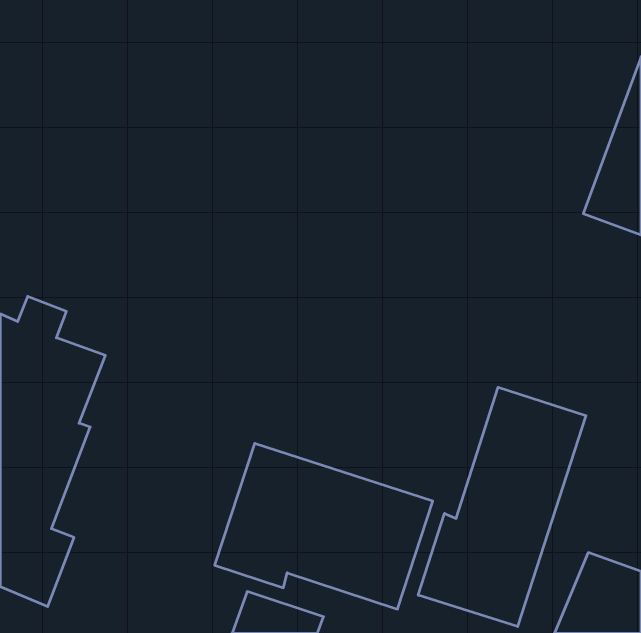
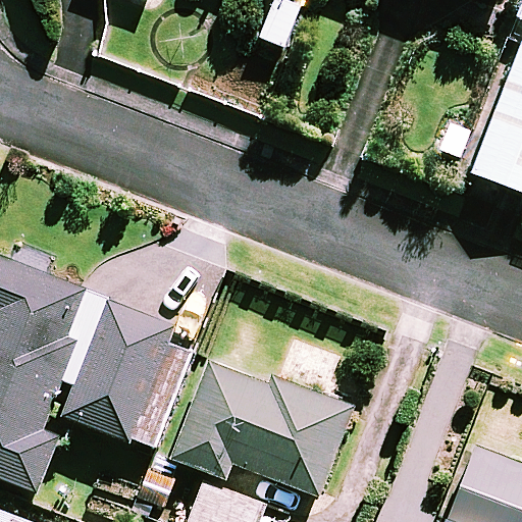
building: none -> [65,303,193,450]
building: [418,387,586,627] -> none

